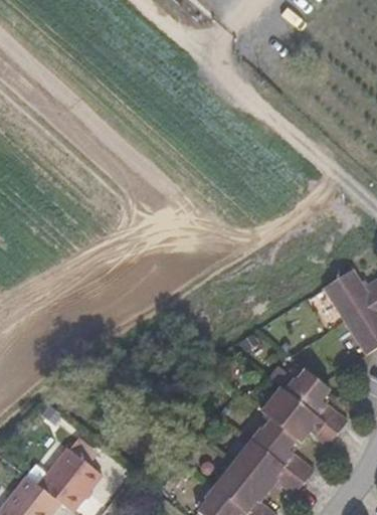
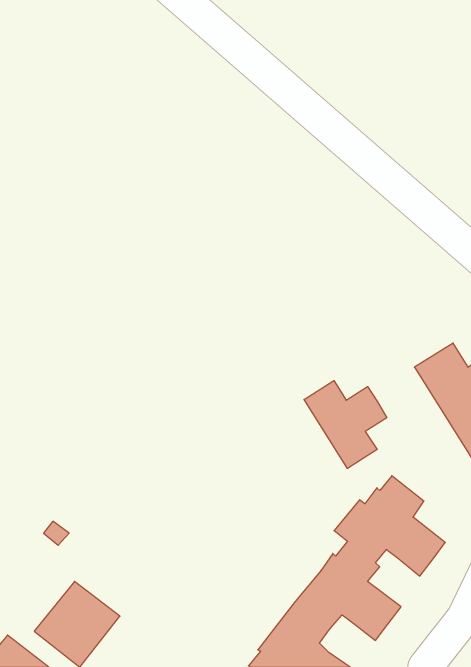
building: none -> [304,381,387,468]

